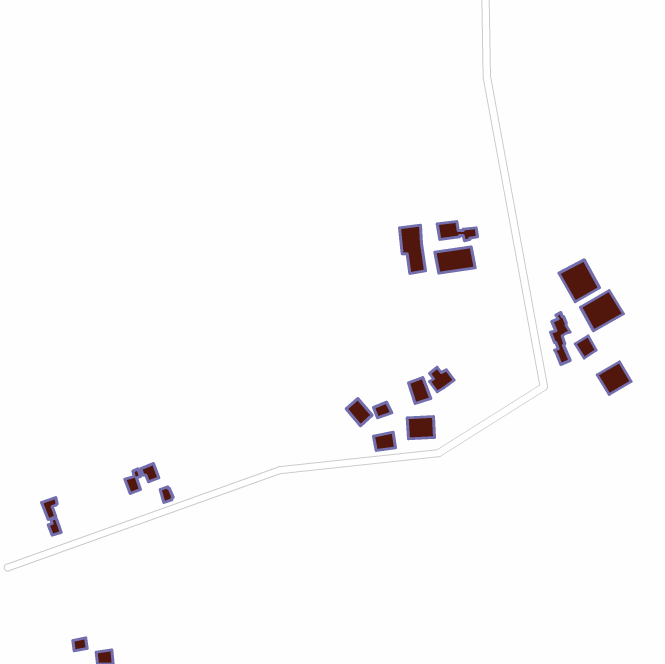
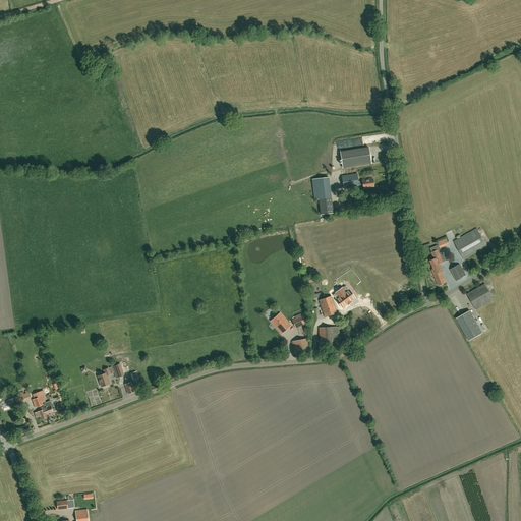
building: [435,247,475,273] -> [340,147,371,167]
building: [559,260,599,302] -> none
building: none -> [456,309,482,340]

